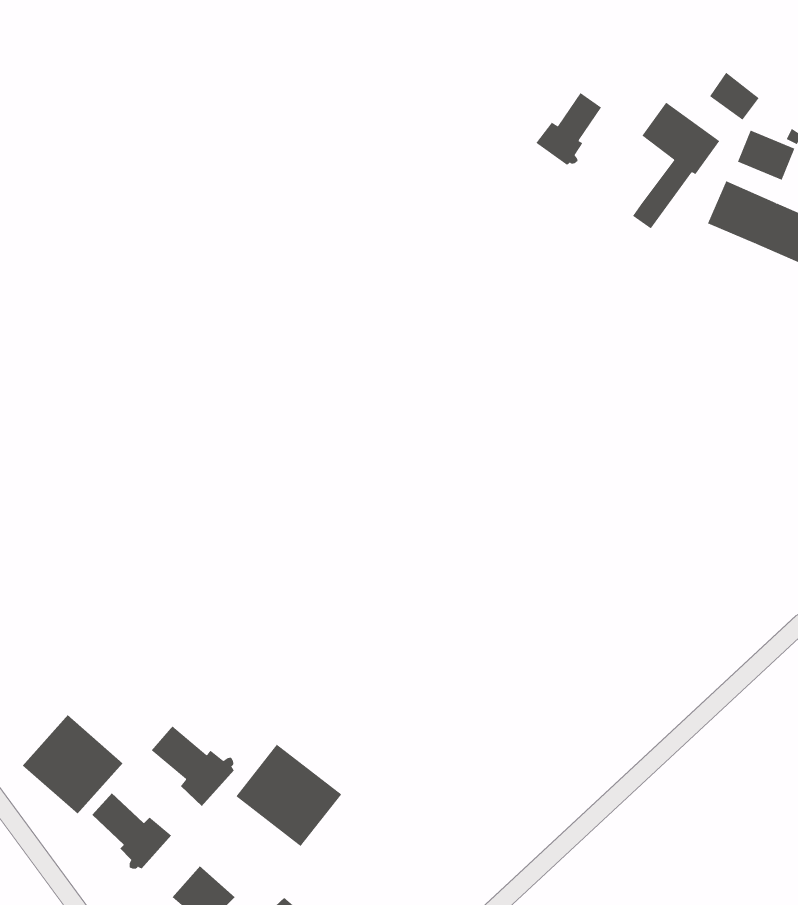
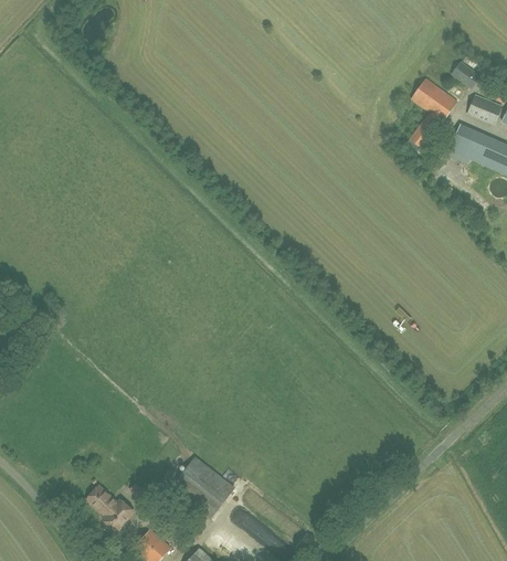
building: [536,92,602,166] -> none
building: [22,714,123,815] -> none
building: [151,725,234,807] -> none

